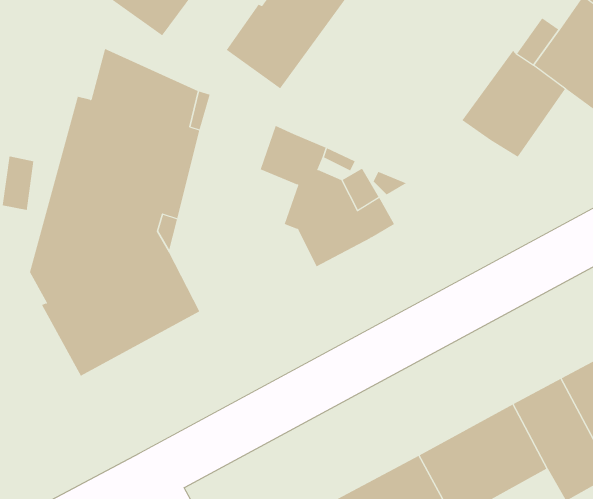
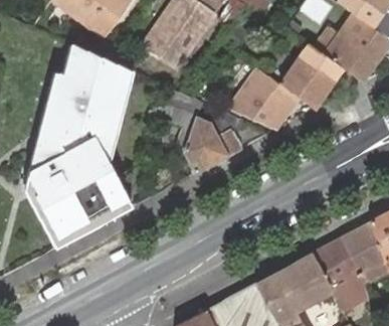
building: none -> [239,73,299,129]
building: none -> [24,175,132,248]

